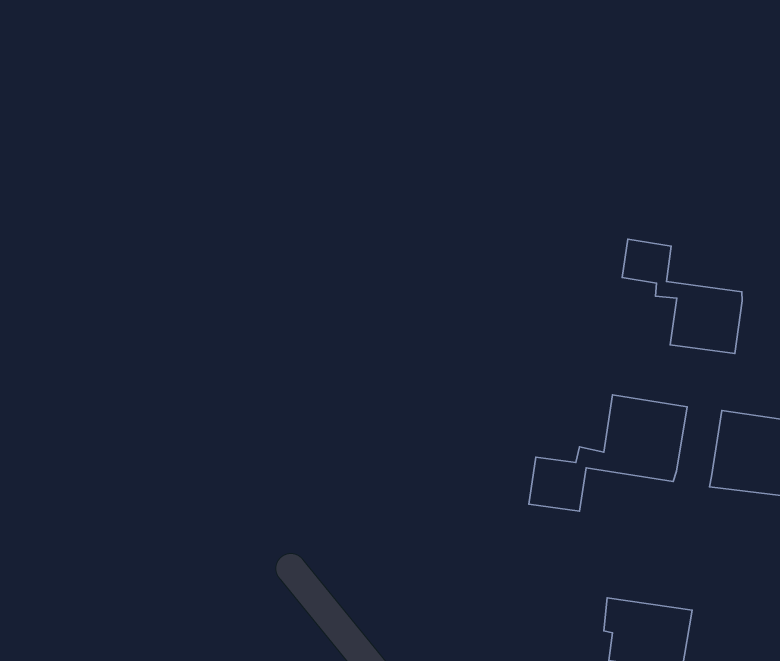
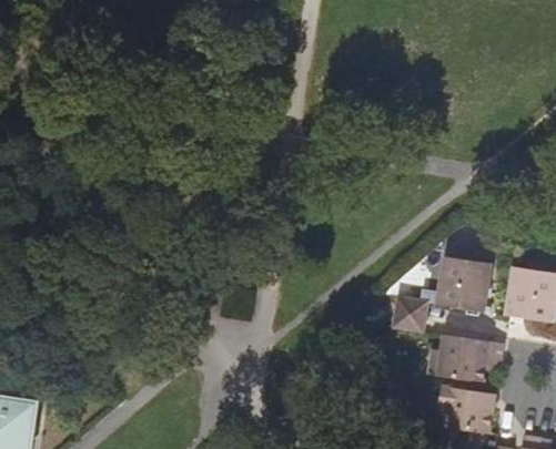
building: [622,239,742,354] -> none
building: none -> [428,334,504,381]

